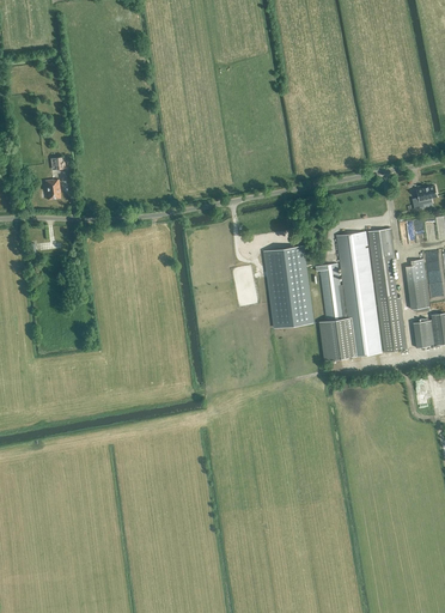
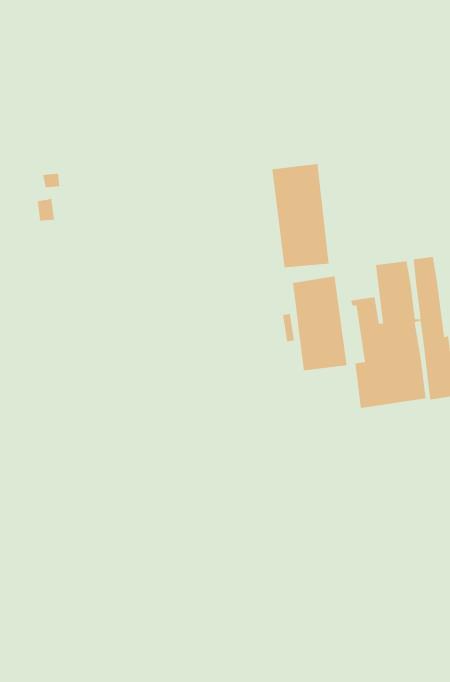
building: none -> [271,163,329,268]

